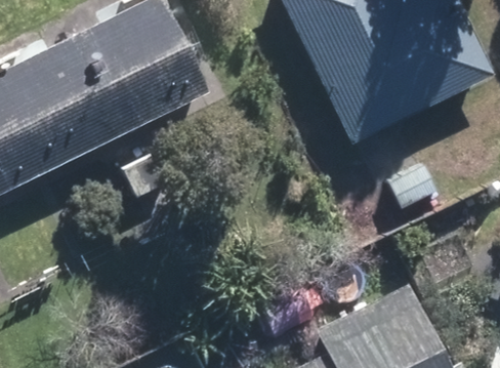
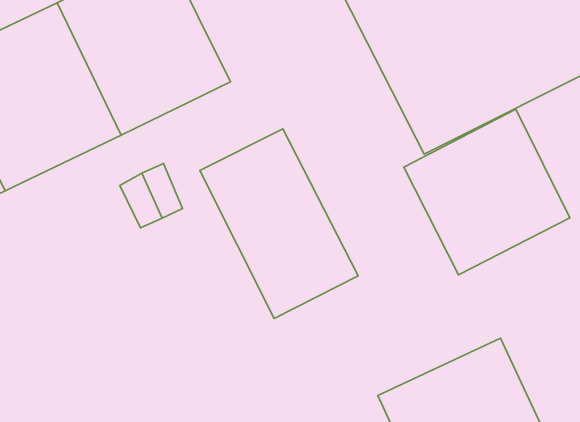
building: none -> [404,109,570,275]
building: none -> [200,129,358,318]

